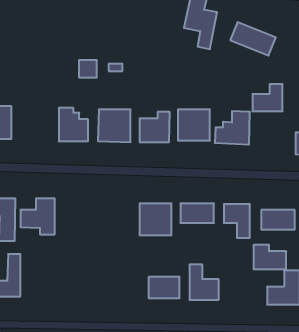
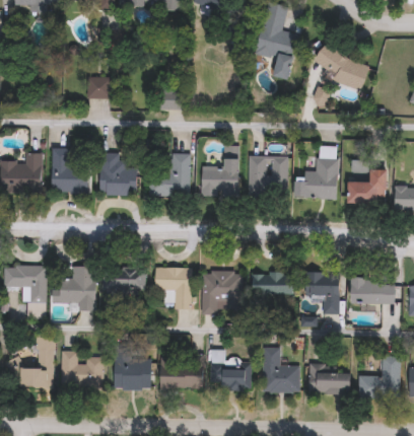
building: [79,60,97,77] -> [87,77,110,98]
building: [252,84,283,111] -> [348,169,386,203]
building: none -> [52,147,87,192]
building: none -> [104,268,145,290]
building: none -> [154,268,190,308]
building: [254,245,286,269] -> [309,363,350,393]
building: none -> [115,349,151,389]
building: none -> [61,351,104,387]
building: none -> [159,355,203,388]

